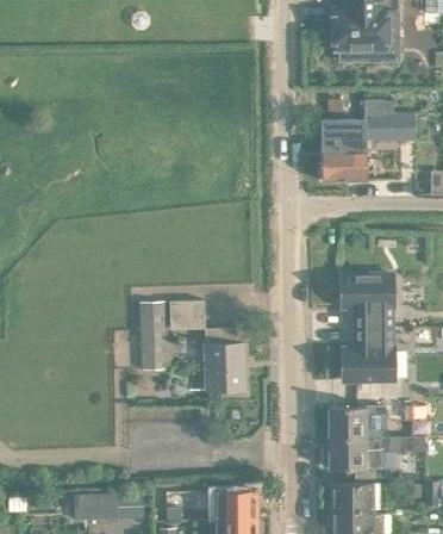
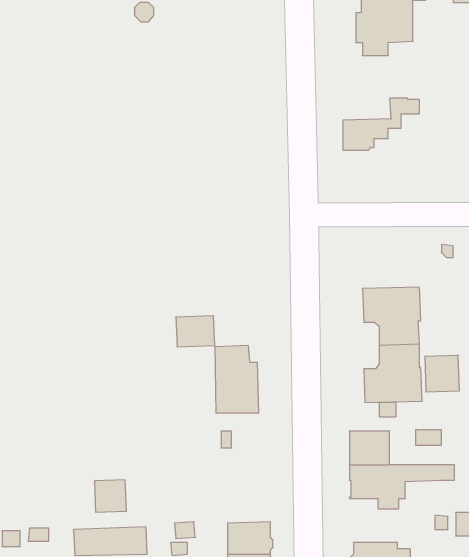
building: [319,113,414,181] -> none
building: [139,302,167,370] -> none
building: none -> [425,355,459,392]
building: none -> [95,480,126,512]
building: [329,483,379,509] -> none

